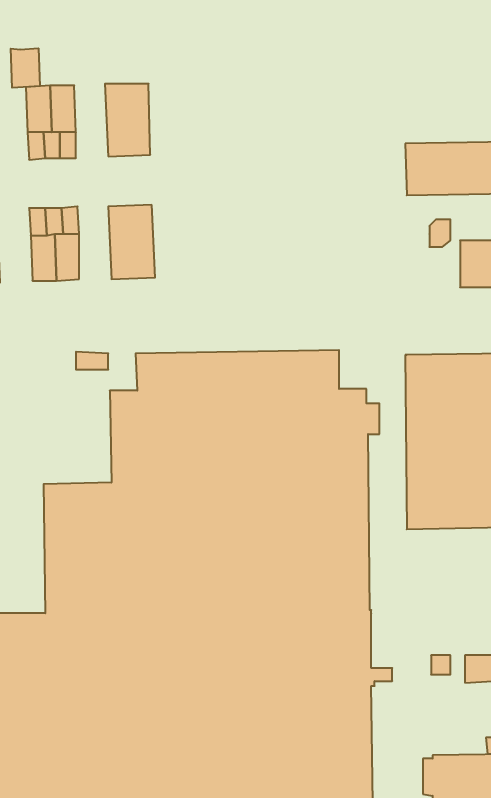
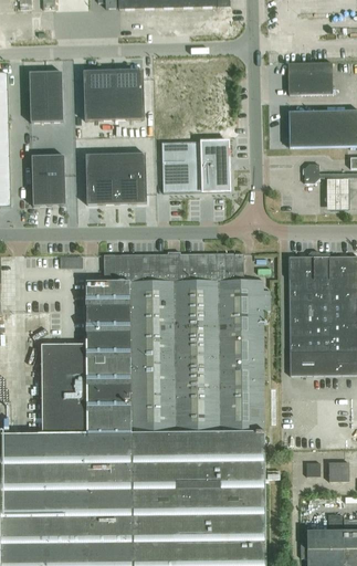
building: [11,48,40,88] -> none
building: none -> [288,62,333,94]
building: none -> [113,70,144,119]
building: none -> [161,140,230,193]
building: none -> [115,154,147,203]

